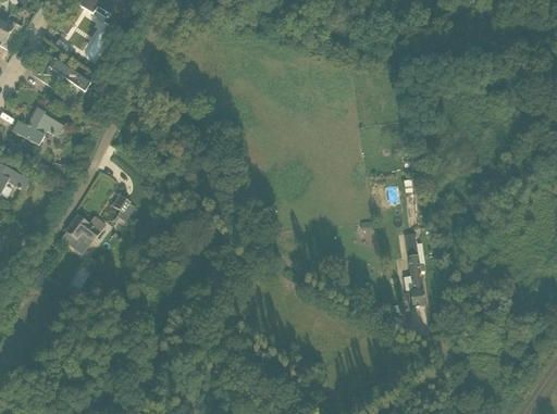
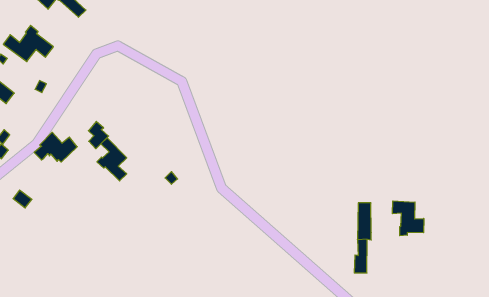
building: none -> [97,138,127,181]
building: none -> [392,201,424,236]

